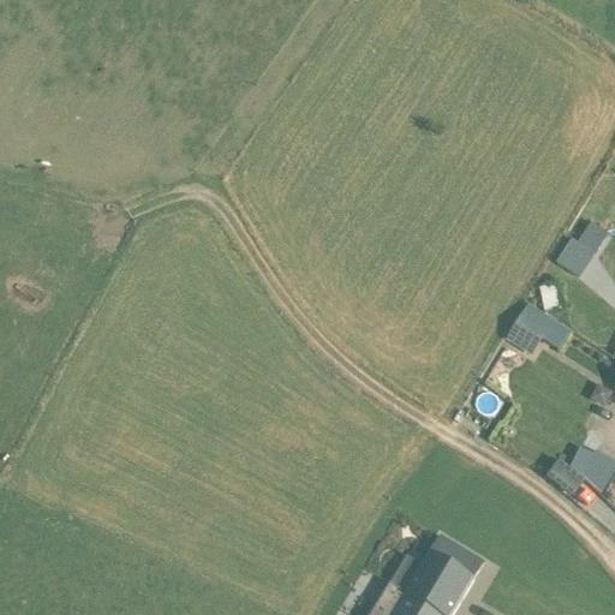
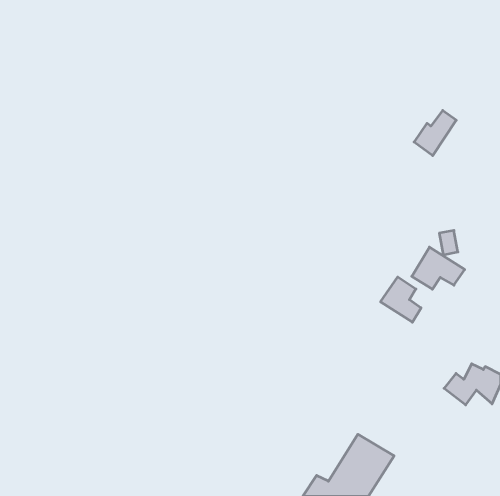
building: [556,222,608,277] -> [414,110,456,156]
building: none -> [381,277,421,322]

